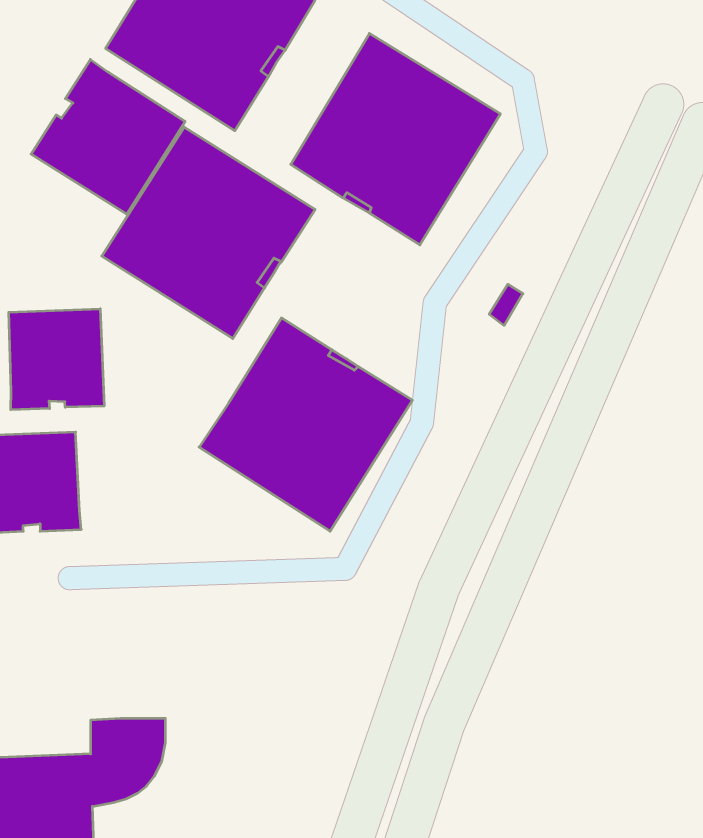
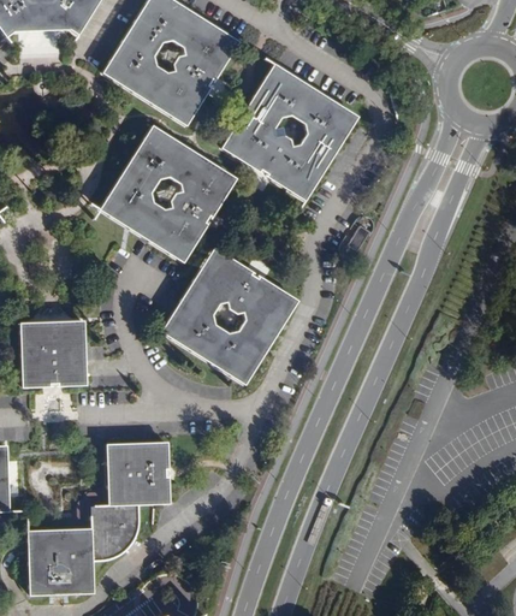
building: [31,59,185,214] -> none
building: [9,309,104,410] -> none
building: none -> [109,444,170,504]

